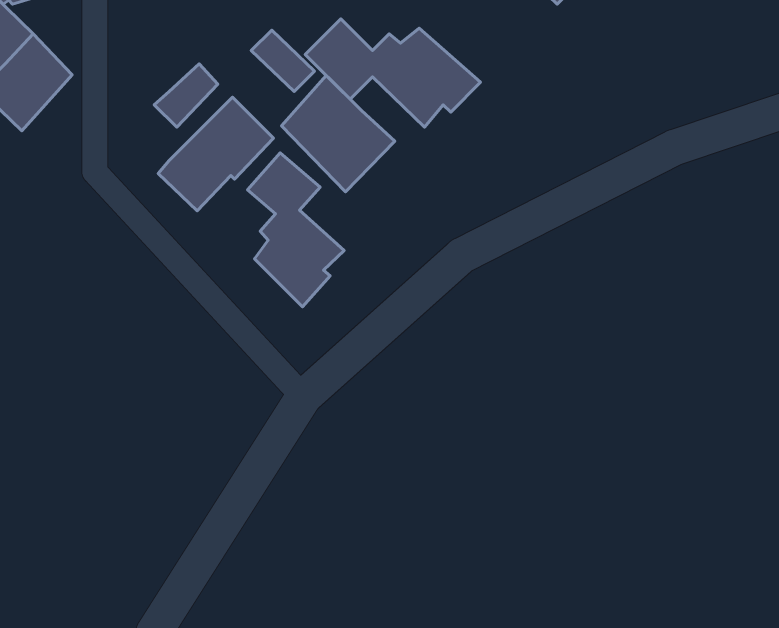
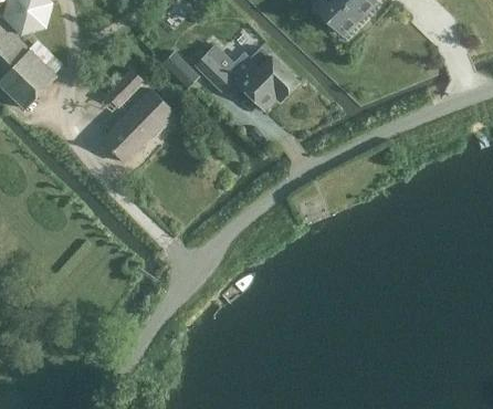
building: [282,75,395,192] -> none
building: [247,153,344,307] -> none

